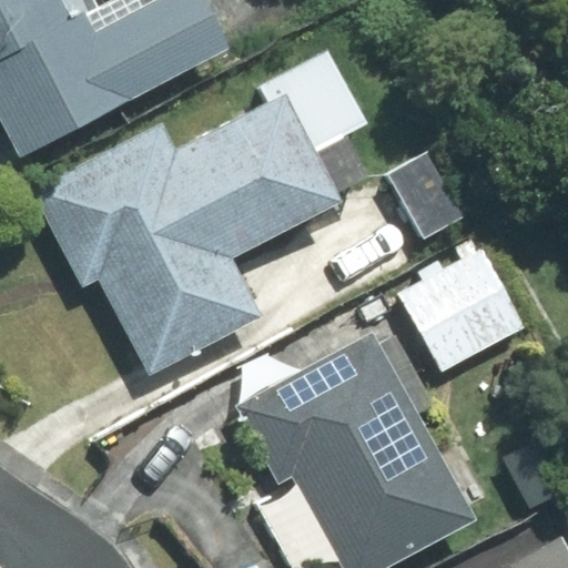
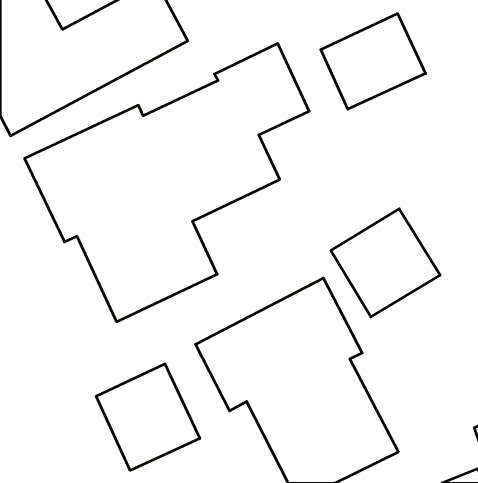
building: none -> [321,14,426,109]
building: none -> [96,364,200,470]

